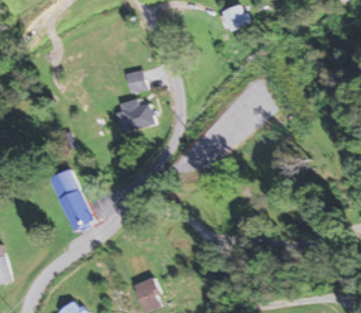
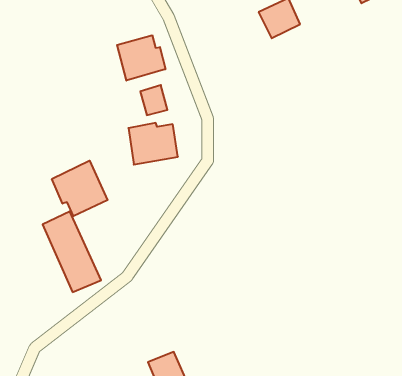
building: none -> [117,35,165,81]
building: none -> [52,161,108,216]

